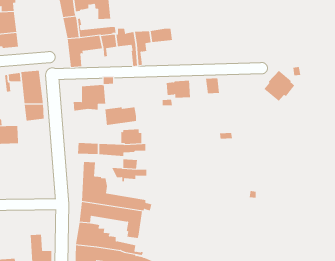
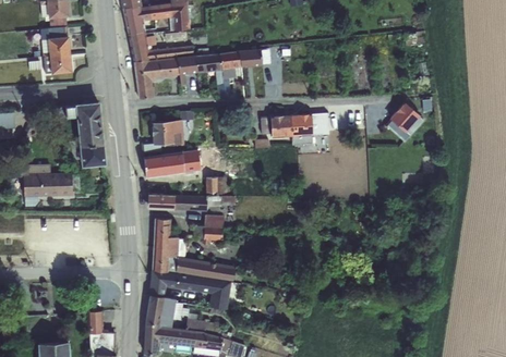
building: none -> [291,113,313,145]
building: none -> [144,152,184,178]

